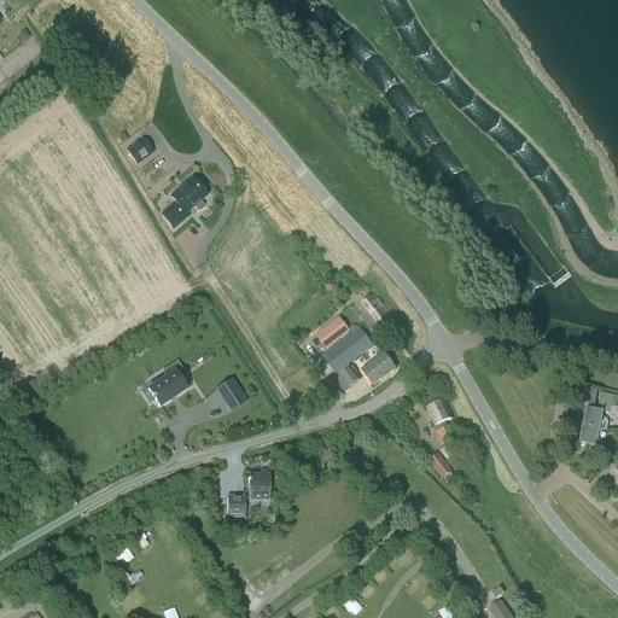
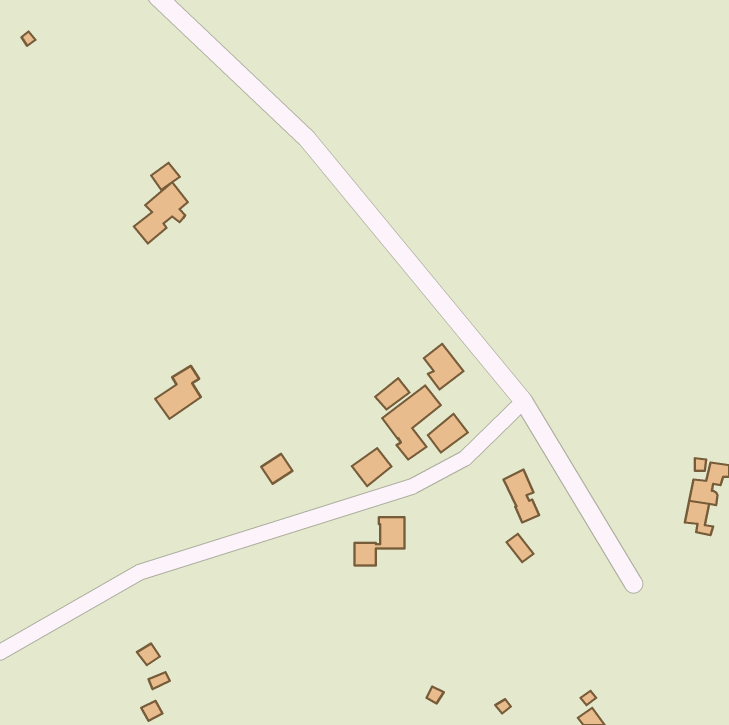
building: [161,175,206,227] -> [134,182,188,244]
building: [147,360,186,404] -> [155,366,201,419]
building: none -> [352,448,391,486]
building: [227,473,269,514] -> [355,517,404,566]

